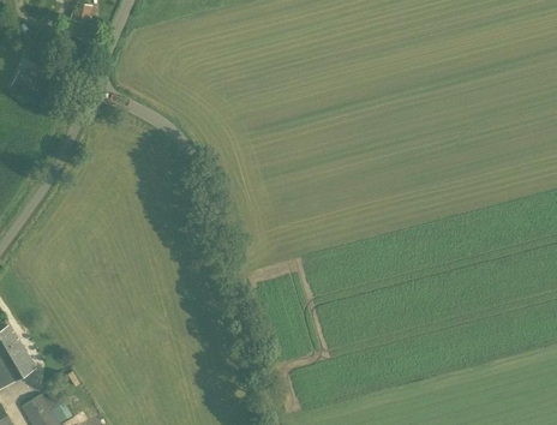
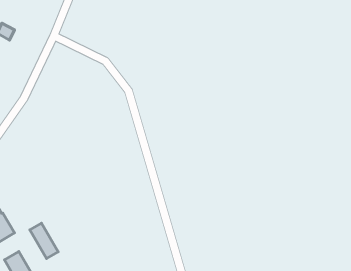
building: none -> [30,223,58,258]

